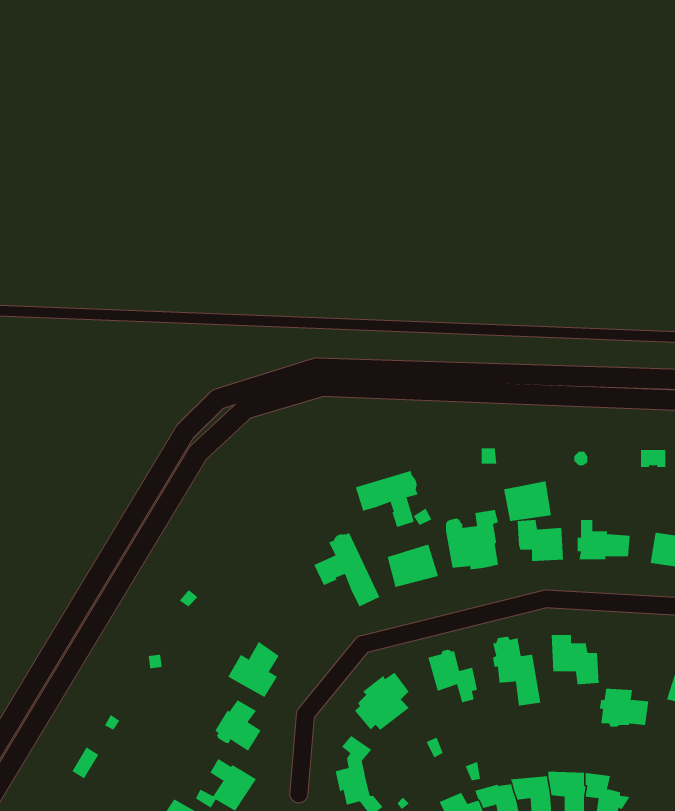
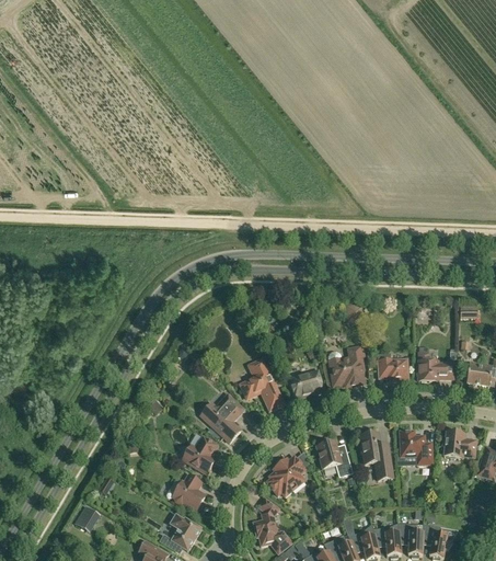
building: [355,470,418,528] -> none
building: [504,480,551,522] -> none
building: none -> [200,393,244,442]
building: [599,688,649,727] -> [442,432,476,458]

